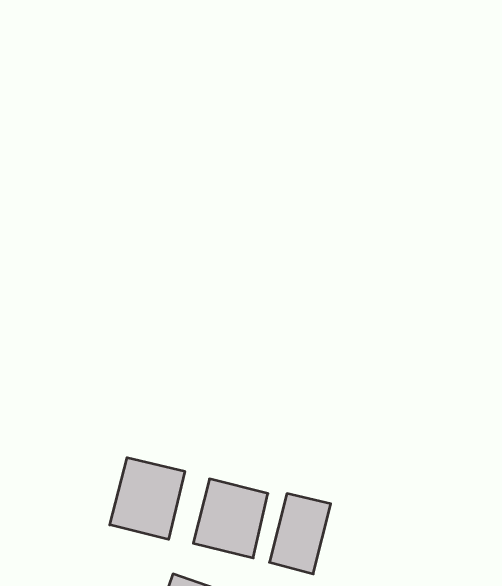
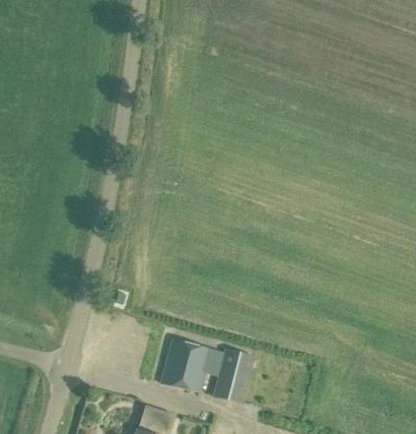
building: [110,458,185,539] -> none

